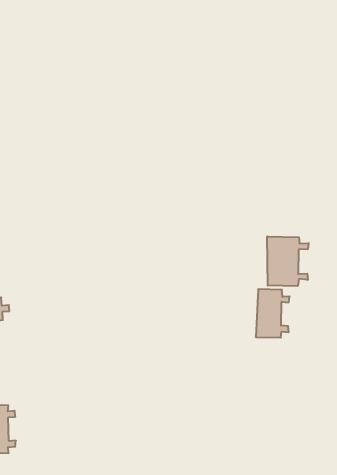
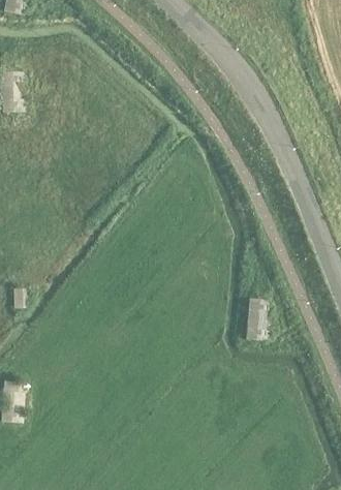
building: [267,236,309,286] -> none

